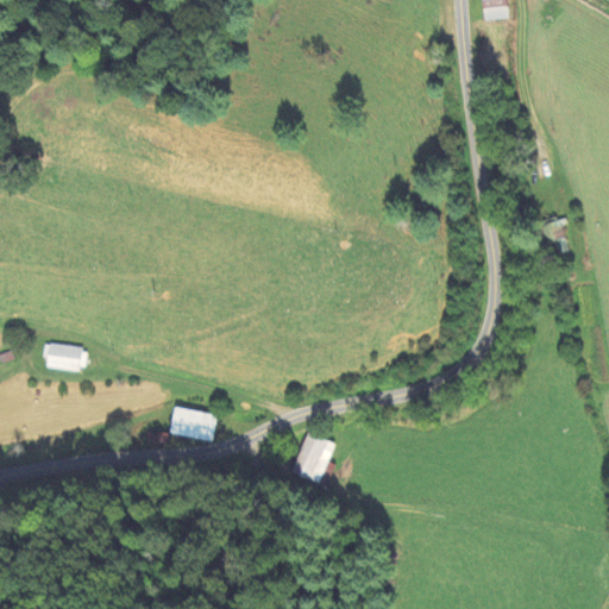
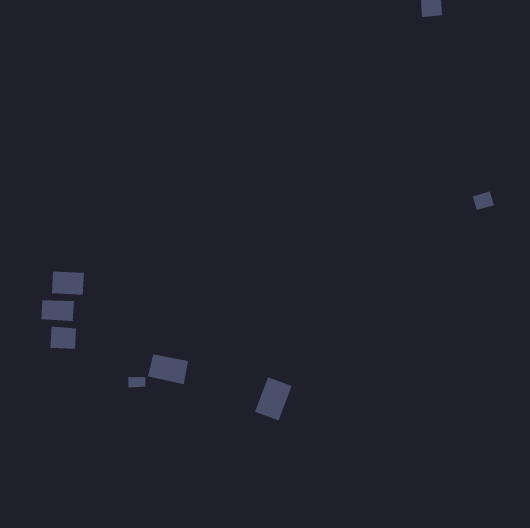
building: none -> [51,271,85,295]
building: none -> [50,326,77,349]

